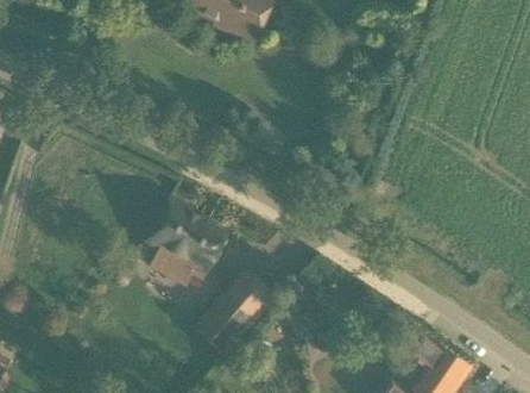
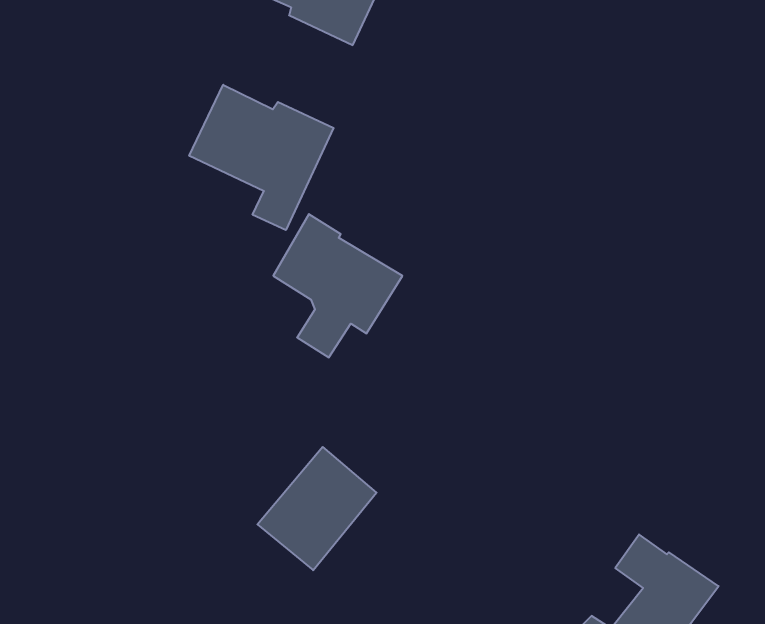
building: none -> [189,85,334,230]
building: [151,204,228,289] -> [273,214,402,357]

